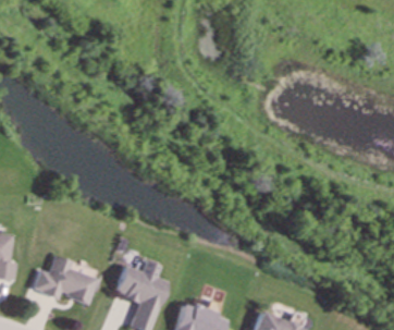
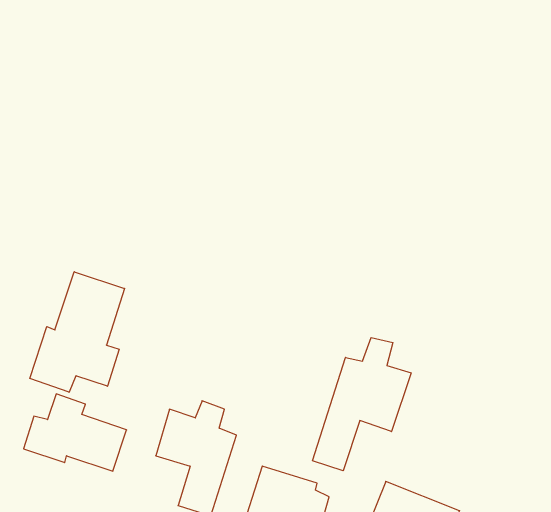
building: none -> [30,272,125,392]
building: none -> [313,338,411,471]

